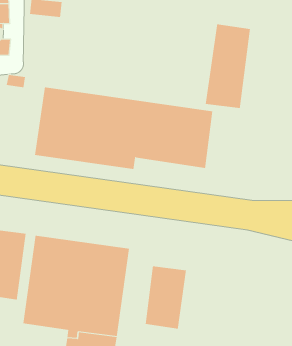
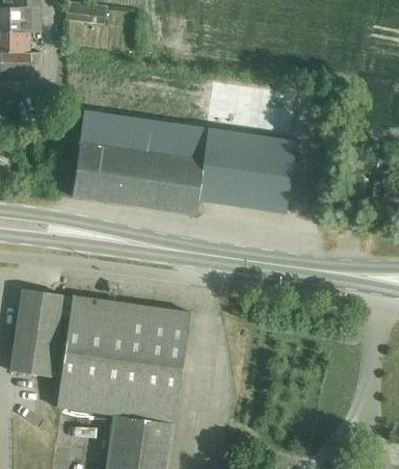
building: [205,23,251,109] -> none
building: [145,265,187,329] -> none

